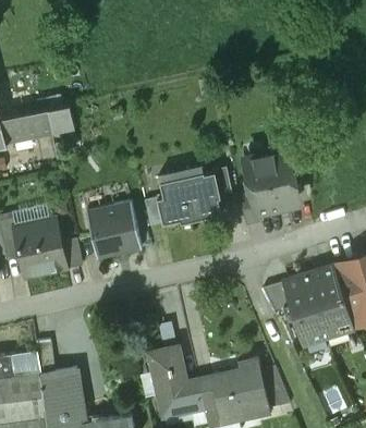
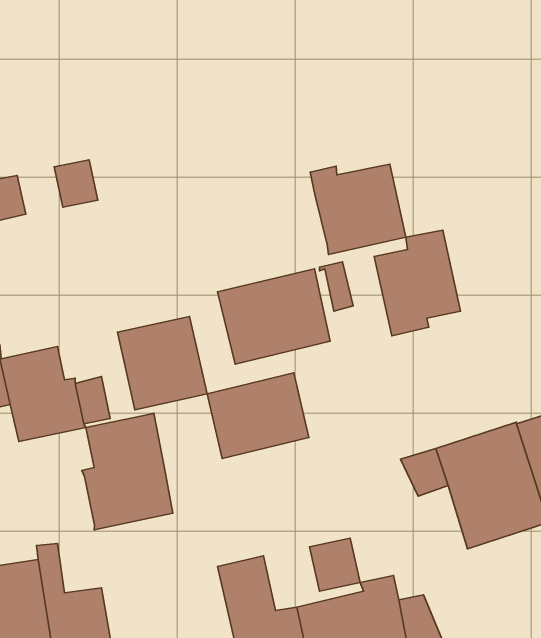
building: none -> [310,164,406,254]
building: [24,108,52,137] -> none
building: none -> [207,373,309,458]
building: none -> [82,413,173,530]
building: none -> [310,538,360,591]

